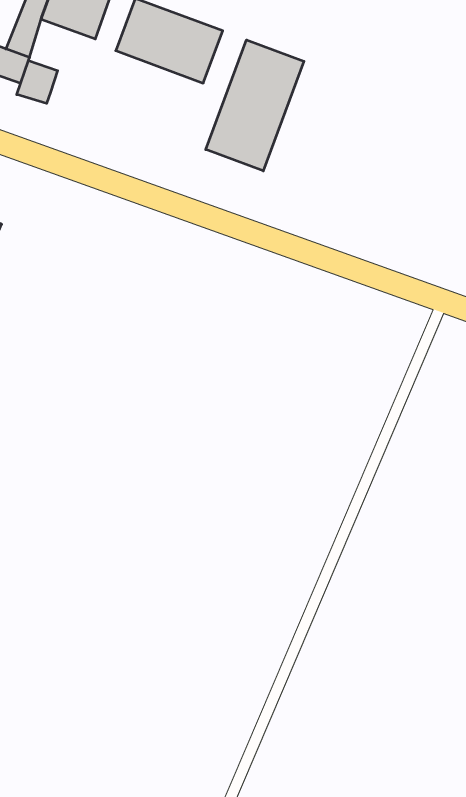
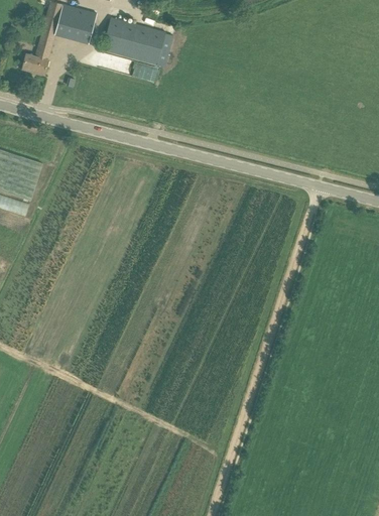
building: [206,40,304,171] -> none
building: [17,61,58,103] -> none

